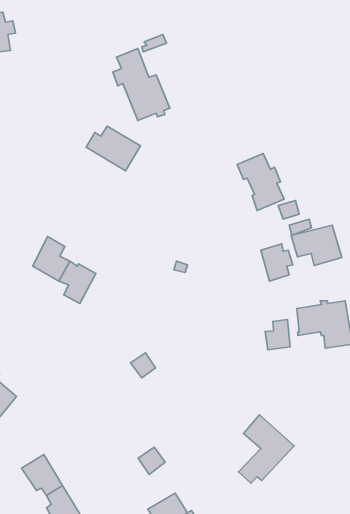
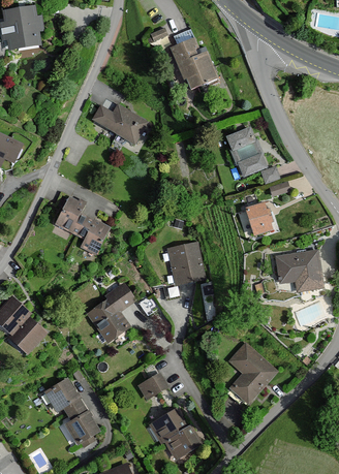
building: [113,49,170,121] -> [169,29,217,89]
building: [291,225,342,266] -> none
building: none -> [171,243,203,283]
building: [265,319,290,350] -> none
building: none -> [89,285,132,340]

